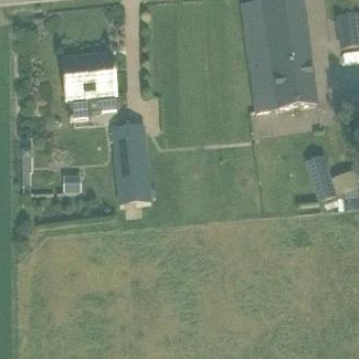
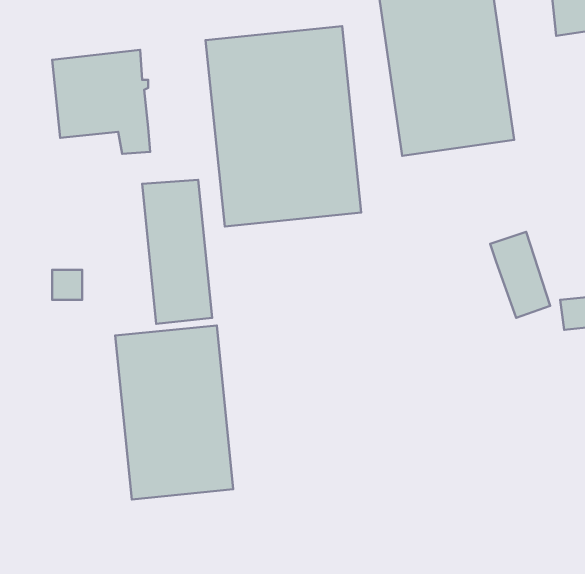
building: none -> [206,26,361,227]
building: none -> [115,325,233,499]

